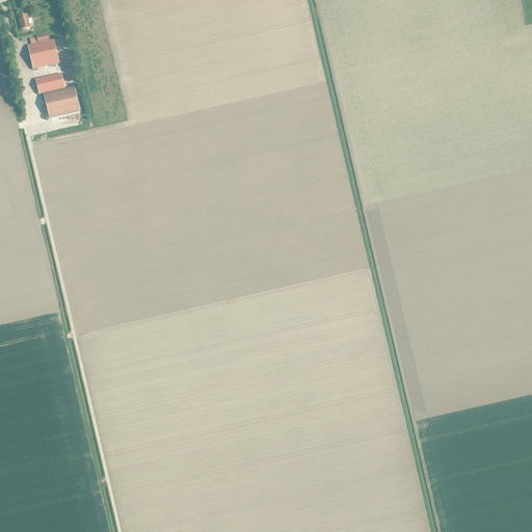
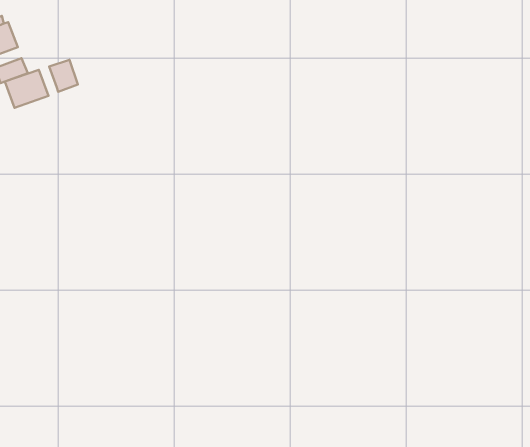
building: none -> [49,60,78,92]

